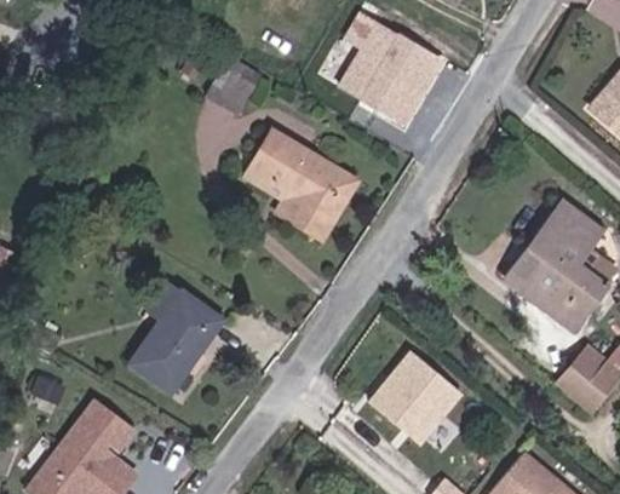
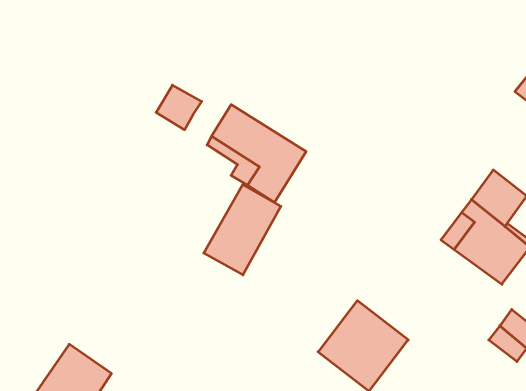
building: [346,18,440,125] -> none
building: [207,63,258,113] -> [156,85,202,130]
building: [132,289,218,390] -> [204,185,281,275]

